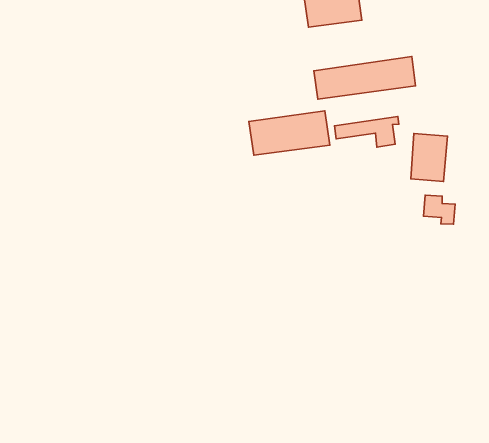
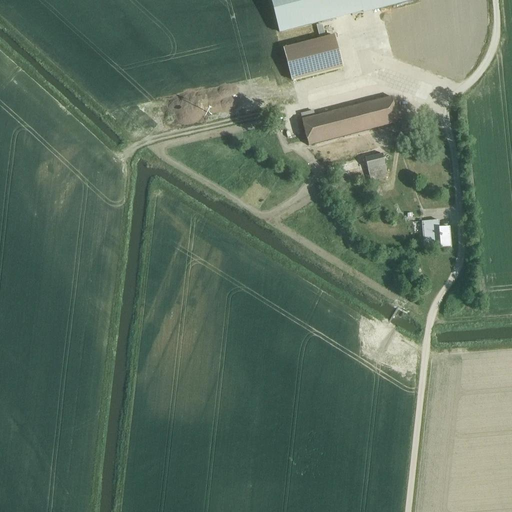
building: [249,111,330,155] -> none
building: [411,134,448,182] -> none

